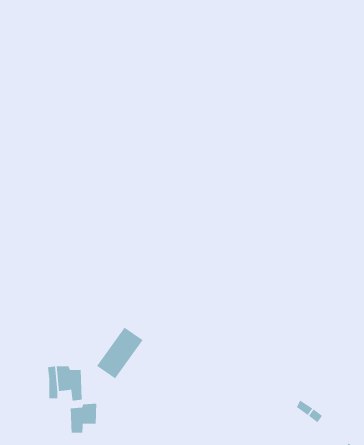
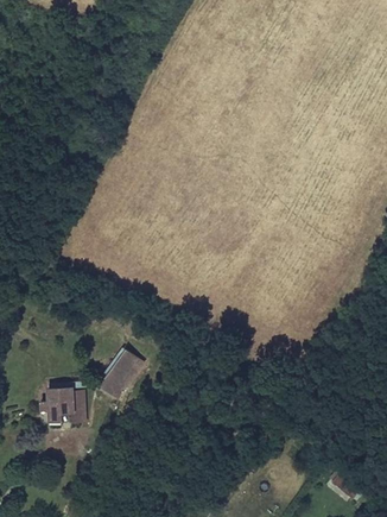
building: [70,403,97,434] -> none

